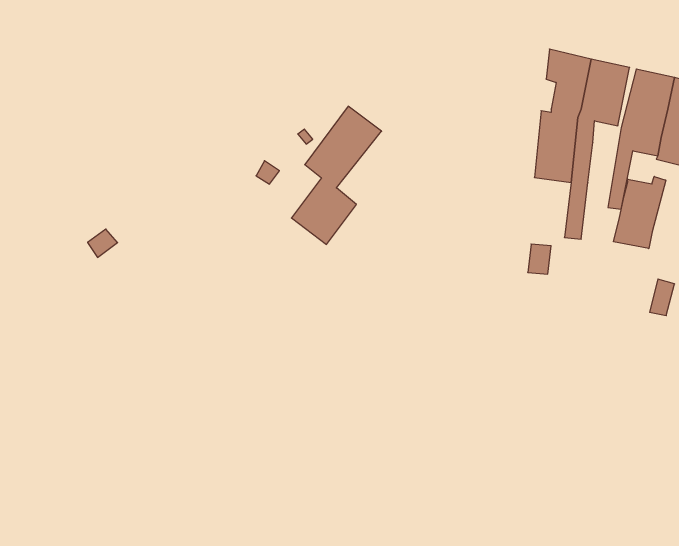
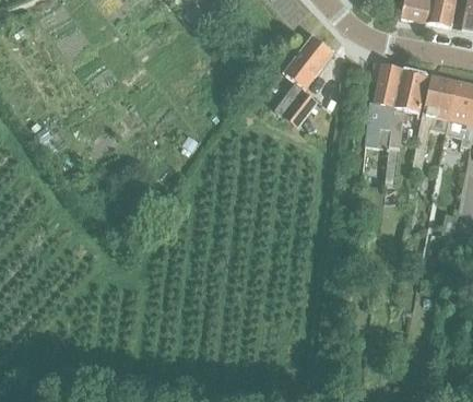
building: [291,106,382,244] -> [274,36,333,127]
building: [614,176,666,249] -> none

